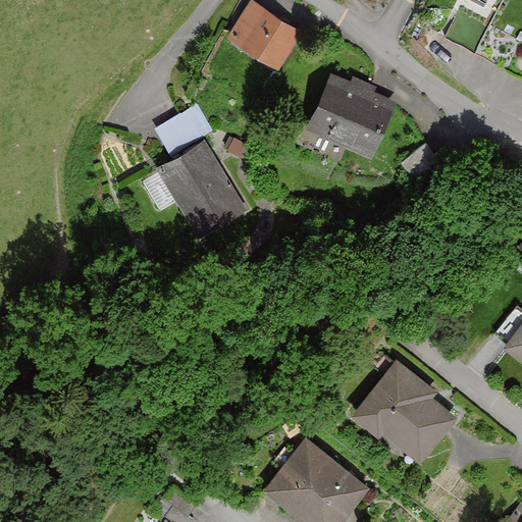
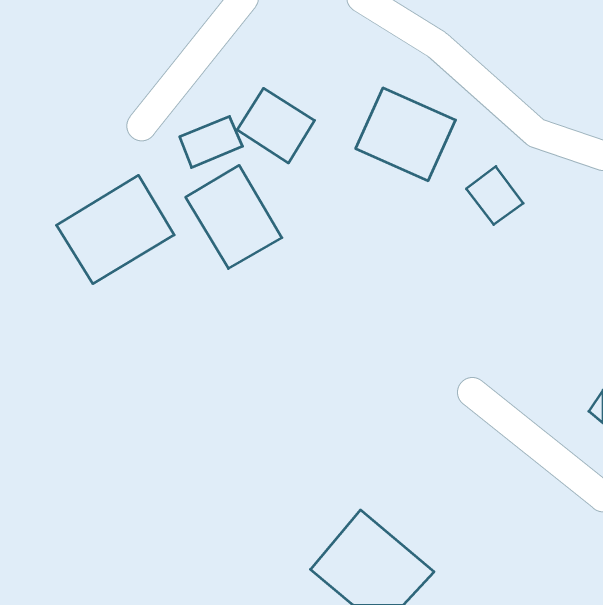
building: [230,5,297,69] -> [237,88,315,163]
building: none -> [56,175,174,284]
building: [356,363,454,465] -> none

